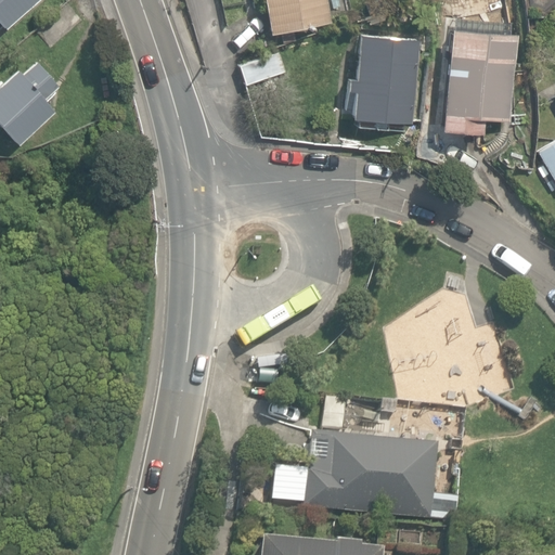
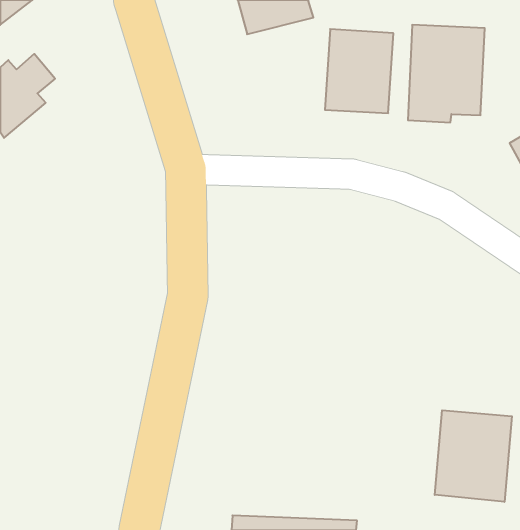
building: none -> [435,410,512,502]
building: [271,429,440,519] -> none

